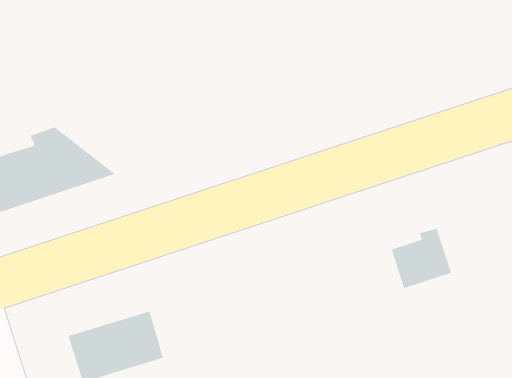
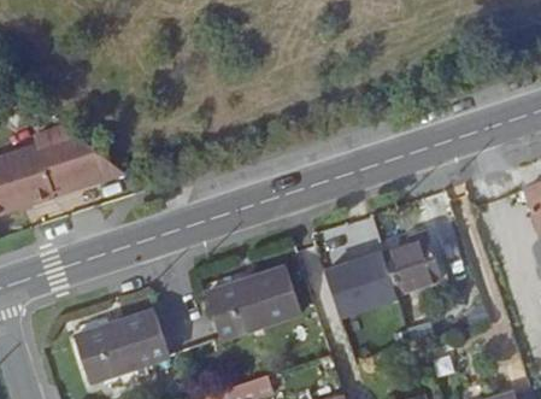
building: none -> [324,251,396,315]
building: none -> [205,268,299,339]

